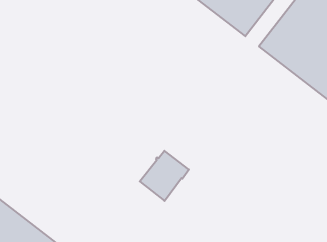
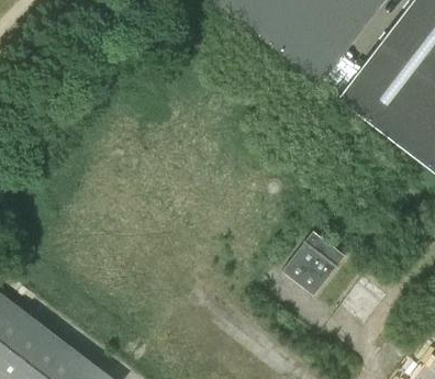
building: [140,151,189,201] -> [279,233,343,298]

